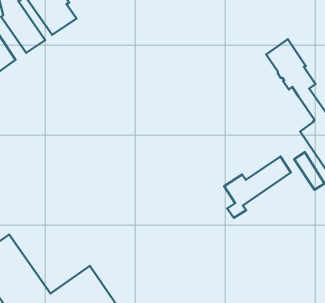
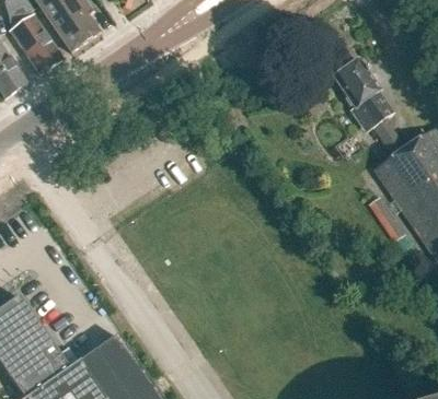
building: [224,157,291,218] -> none

